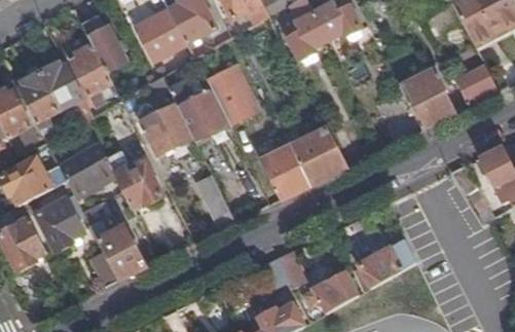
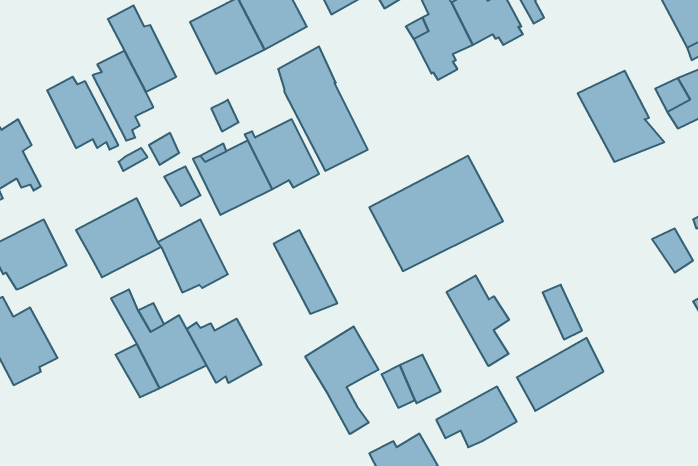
building: [19,72,59,133] -> none
building: none -> [447,275,509,366]
building: [35,198,83,251] -> none
building: none -> [187,319,261,383]
building: none -> [305,326,378,434]

